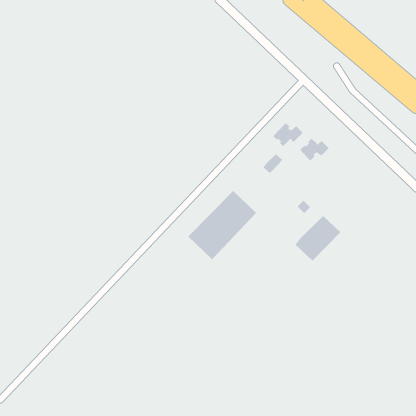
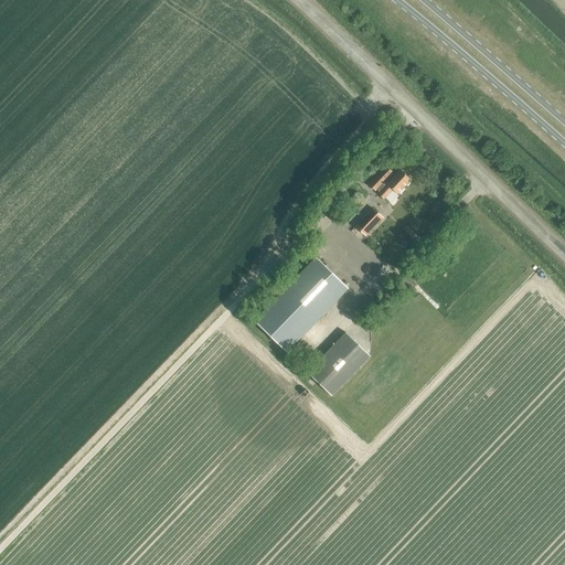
building: [300,138,329,161] -> none
building: [295,215,341,262] -> [308,332,371,395]

